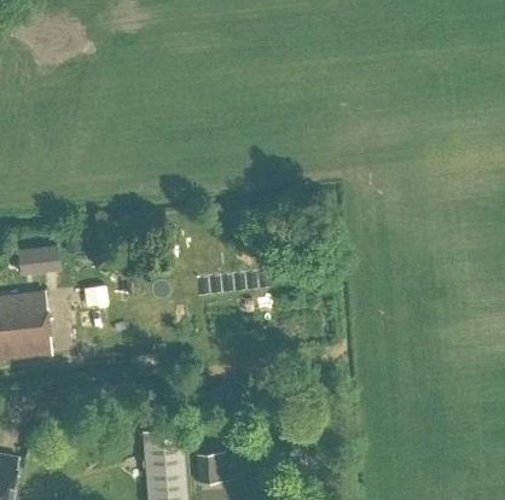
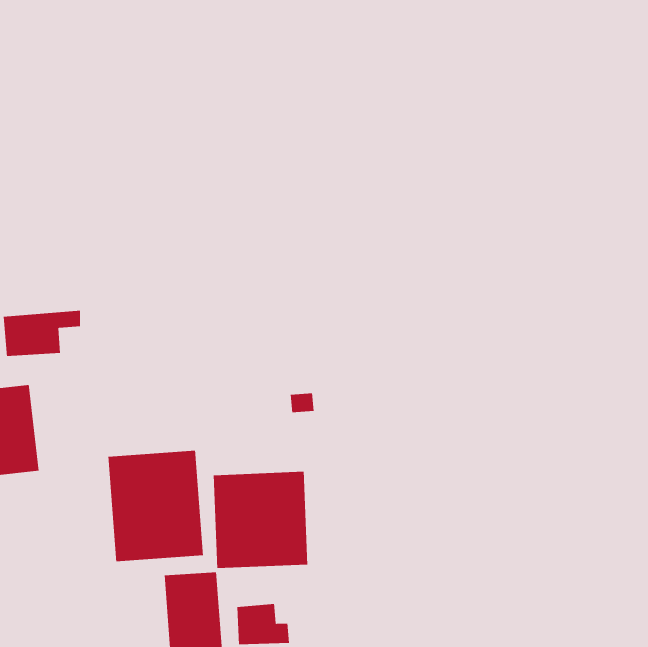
building: none -> [108,450,203,562]
building: none -> [213,471,308,569]

